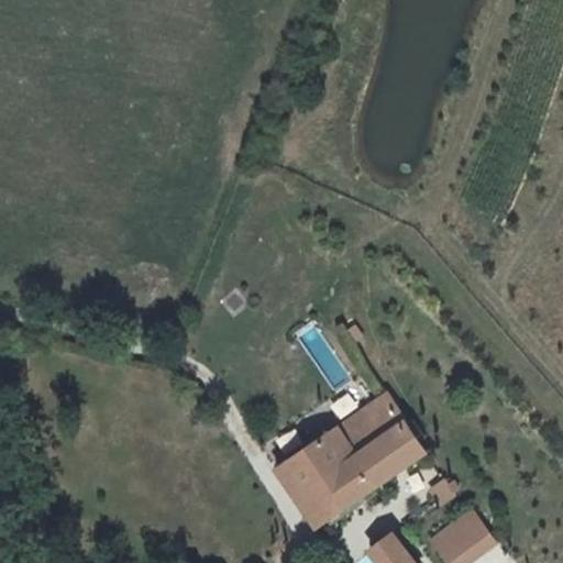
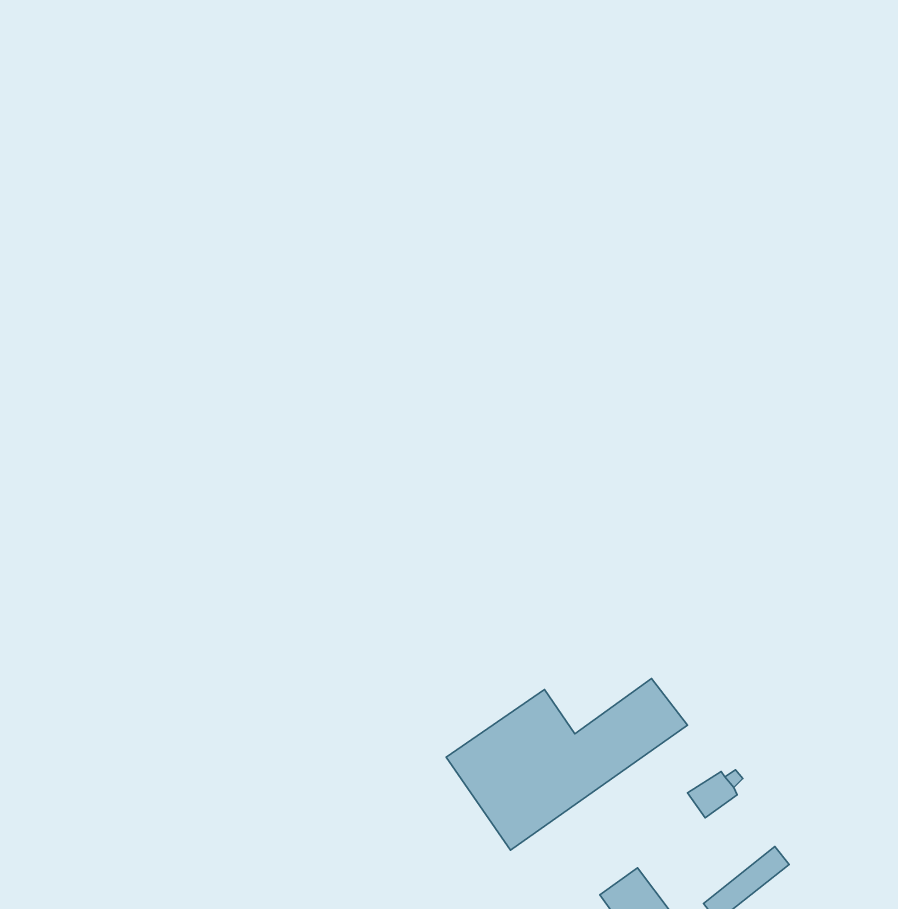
building: [335,395,401,454] -> none

